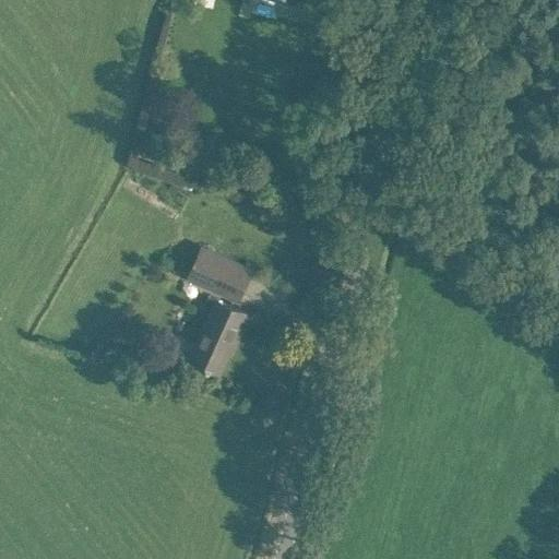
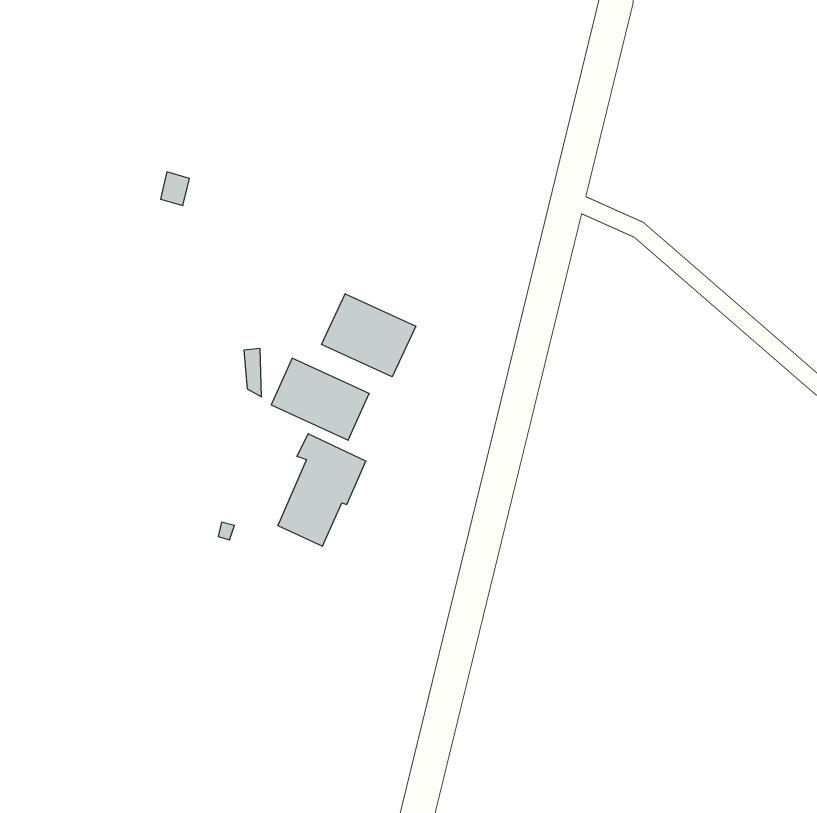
building: none -> [322,294,416,377]

